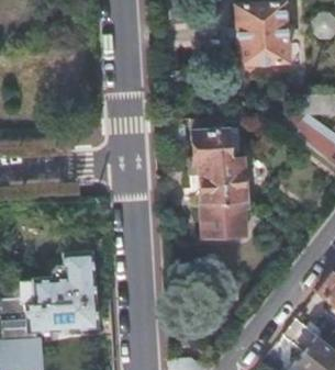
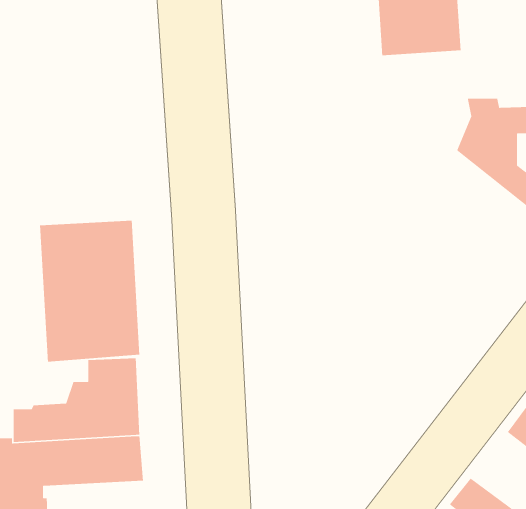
building: [192,128,245,236] -> none
building: none -> [39,220,140,363]

